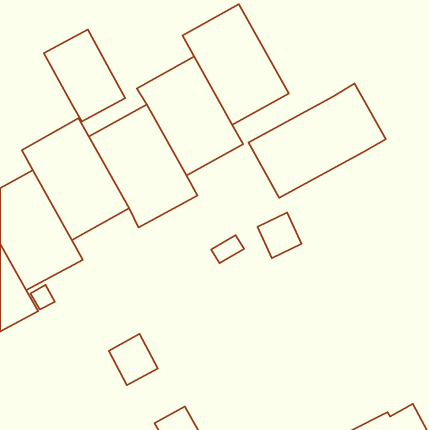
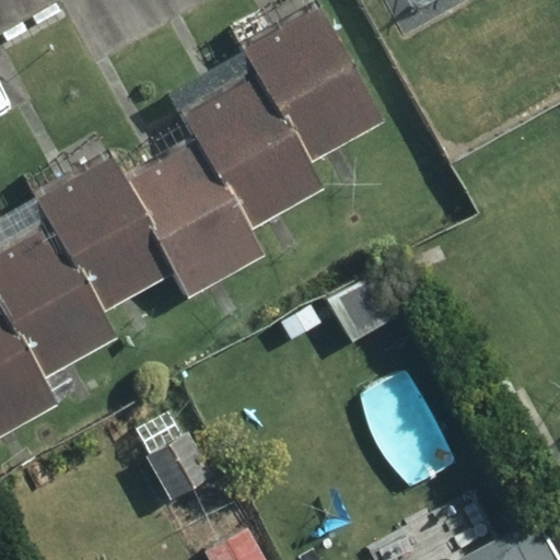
building: [44,29,125,122] -> none
building: [248,83,386,198] -> none

